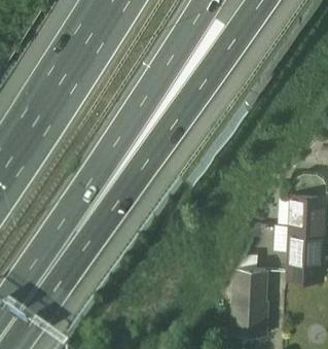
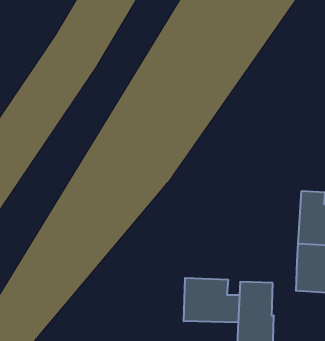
building: none -> [184,278,239,323]

